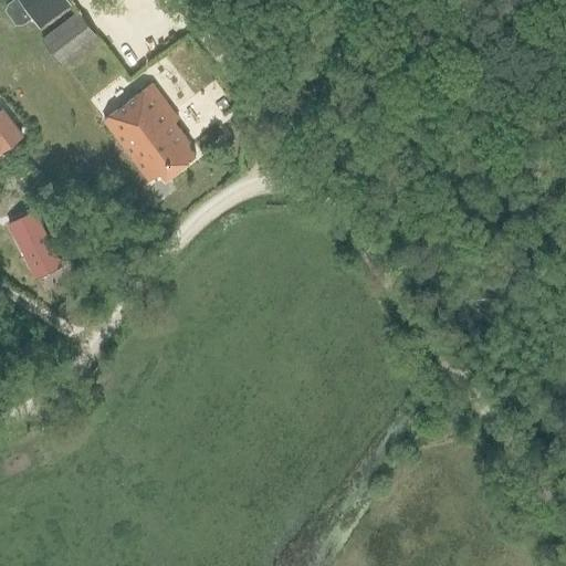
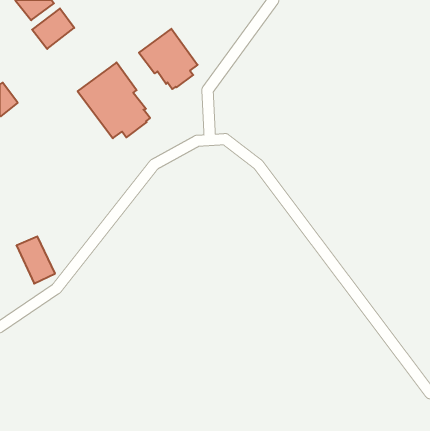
building: none -> [139,29,198,89]
building: [8,211,59,273] -> [16,236,55,284]

